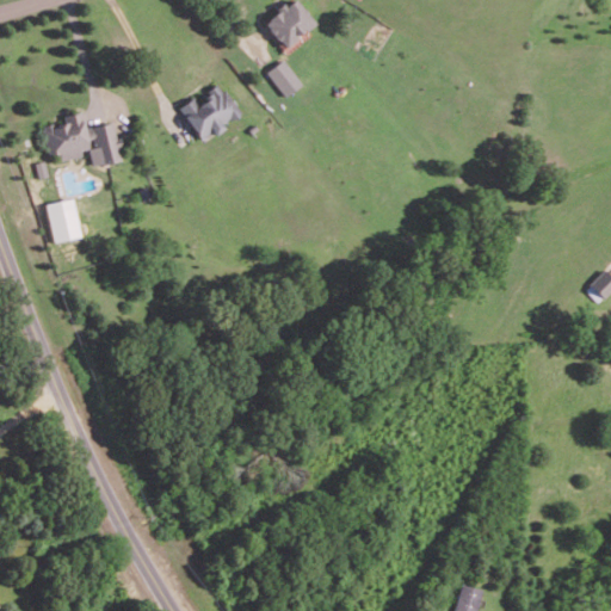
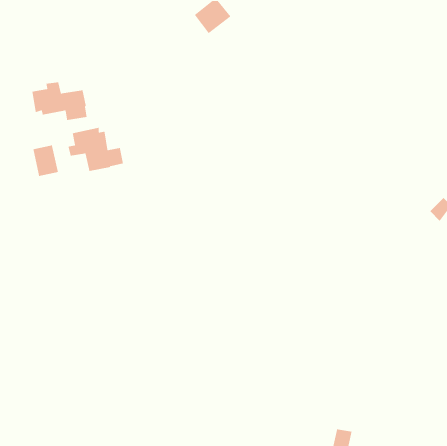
building: [267,61,303,98] -> none
building: [180,84,241,141] -> none
building: none -> [68,127,124,172]

